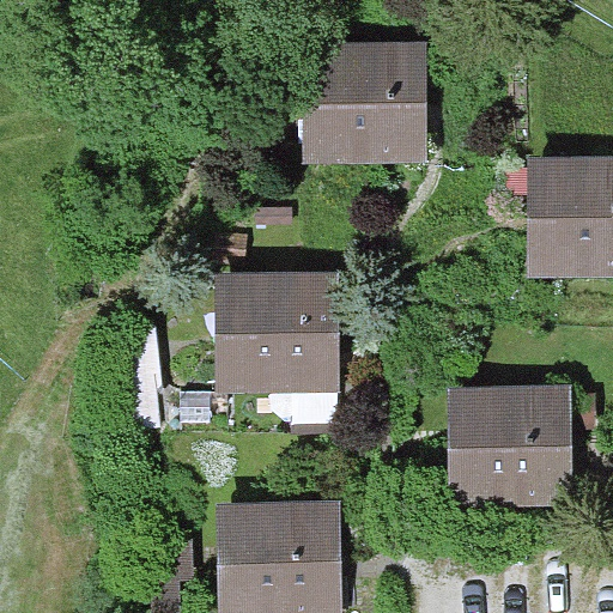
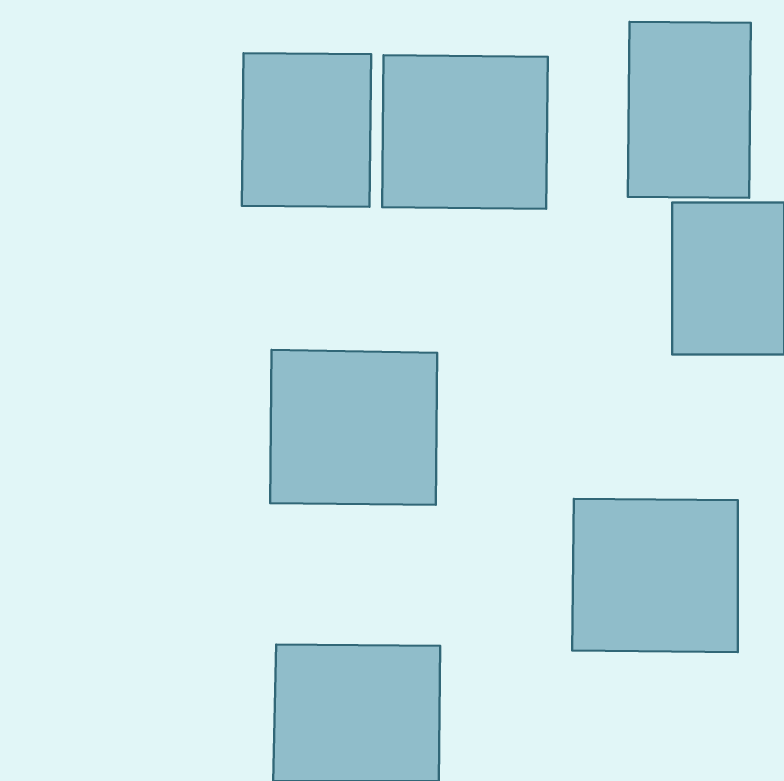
building: none -> [628,22,751,198]
building: none -> [242,53,371,207]

